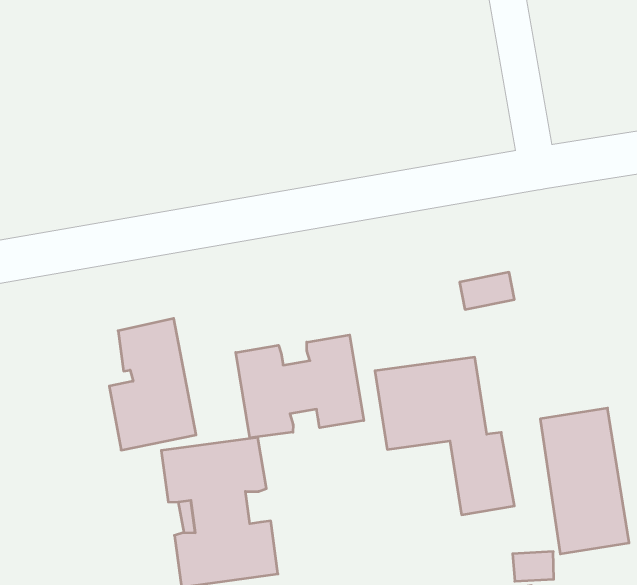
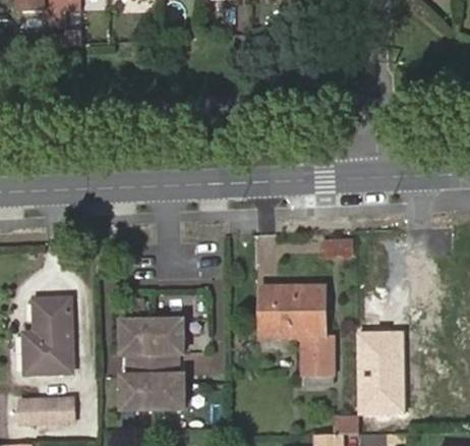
building: [109,318,196,450] -> [23,297,73,375]
building: [236,335,364,438] -> none

